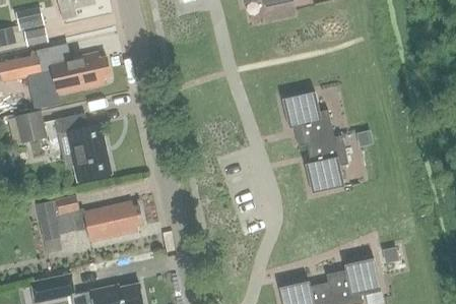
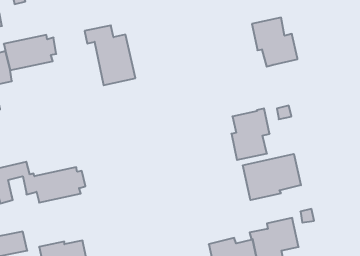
building: [282,92,333,146] -> [252,18,297,67]
building: [54,113,111,180] -> [85,25,135,85]
building: none -> [243,154,301,200]

